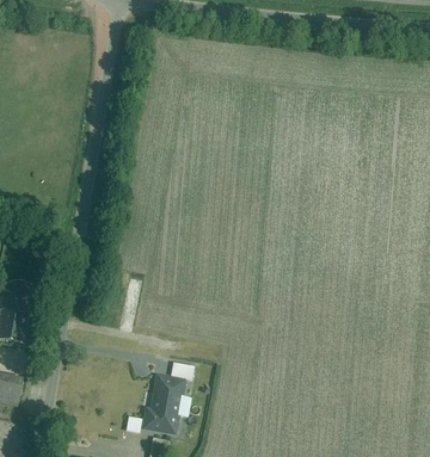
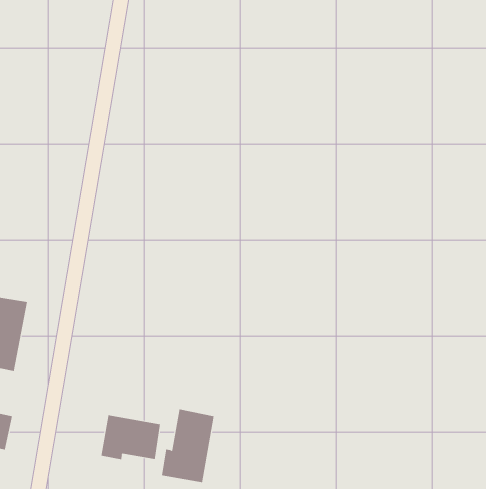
building: none -> [101,415,161,460]

